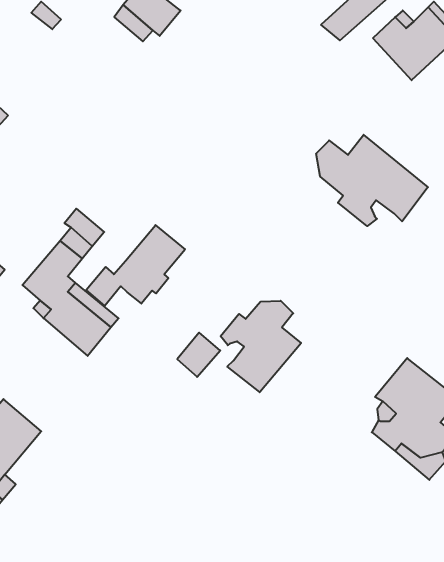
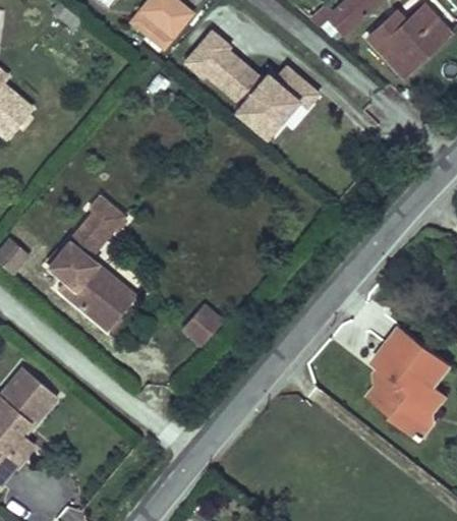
building: none -> [181,26,320,147]
building: [316,135,428,226] -> none
building: [86,225,185,306] -> none
building: [221,301,301,392] -> none

